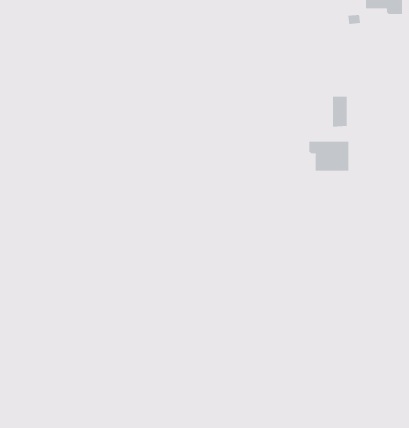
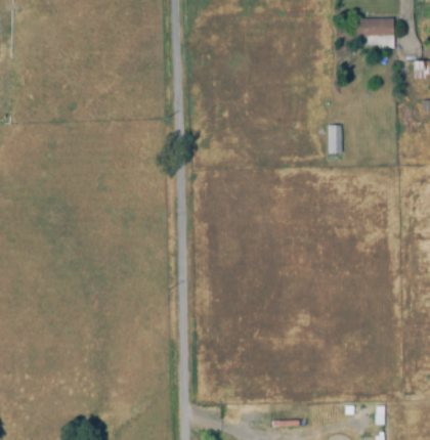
building: [309,141,349,171] -> none

